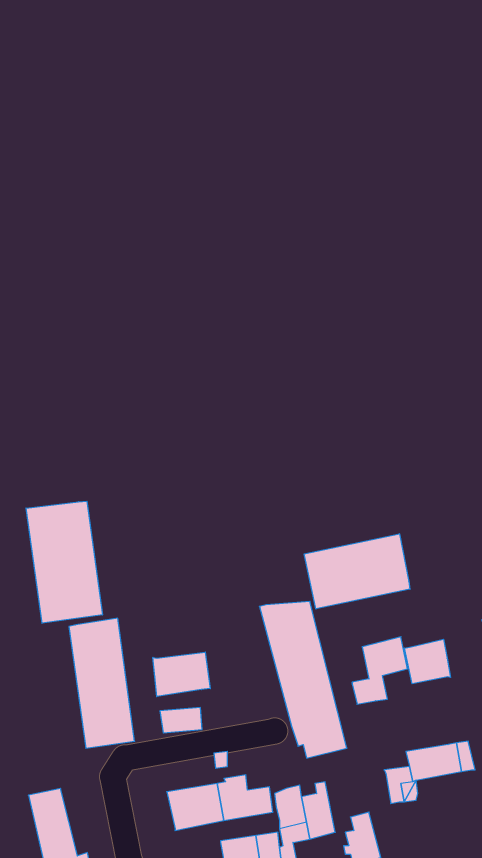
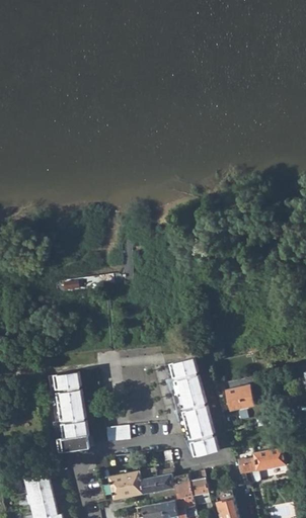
building: [26,501,102,623] -> none
building: [304,534,410,609] -> none
building: [405,639,451,684] -> none
building: [153,652,210,697] -> none

